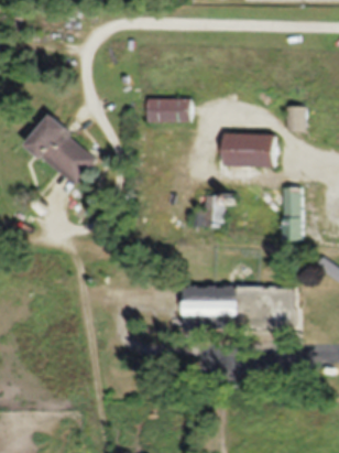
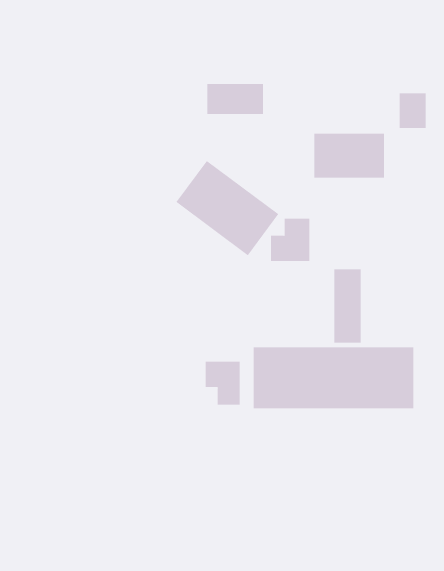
building: [24,117,98,185] -> [175,160,279,256]
building: [282,186,302,239] -> [334,269,361,343]
building: none -> [205,361,240,405]

